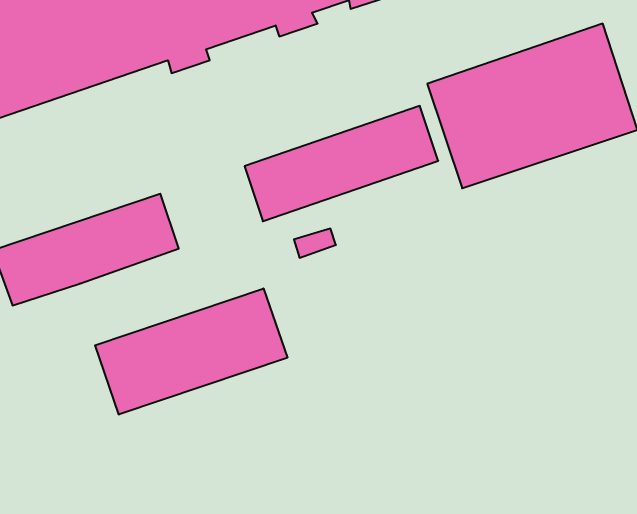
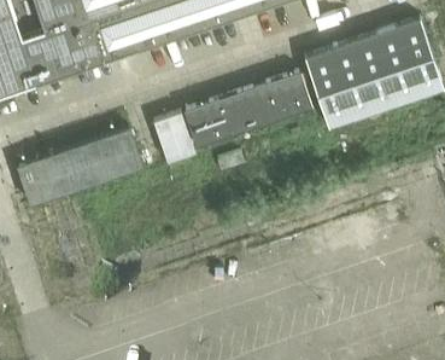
building: none -> [153,112,194,163]
building: [95,288,287,415] -> none

